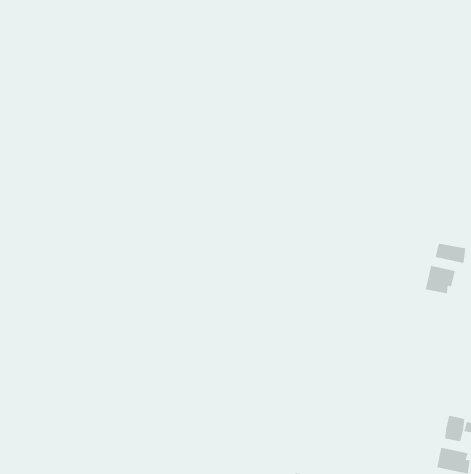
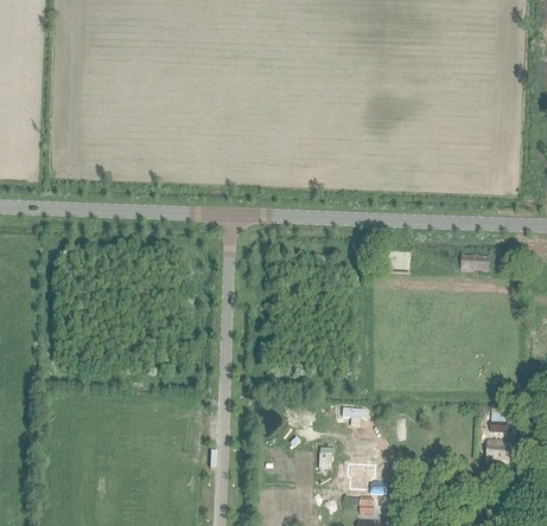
building: [425,265,456,294] -> none

